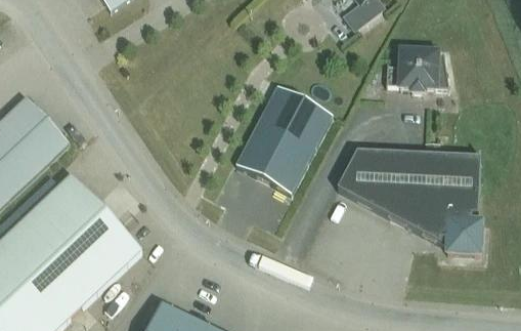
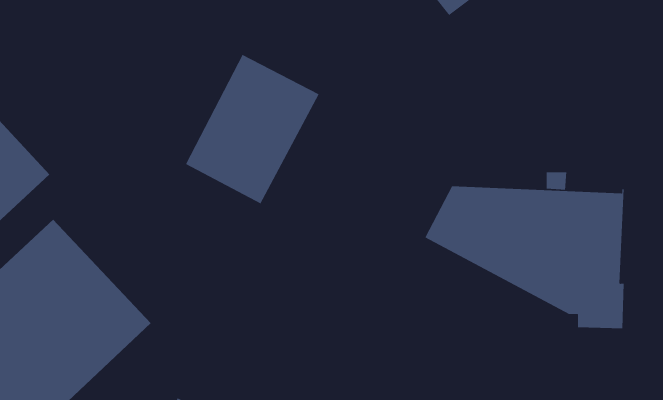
building: [384,46,447,94] -> none
building: [236,85,333,193] -> [185,54,319,204]

